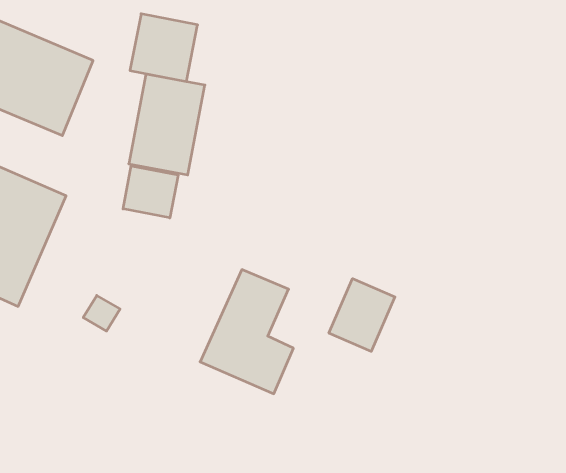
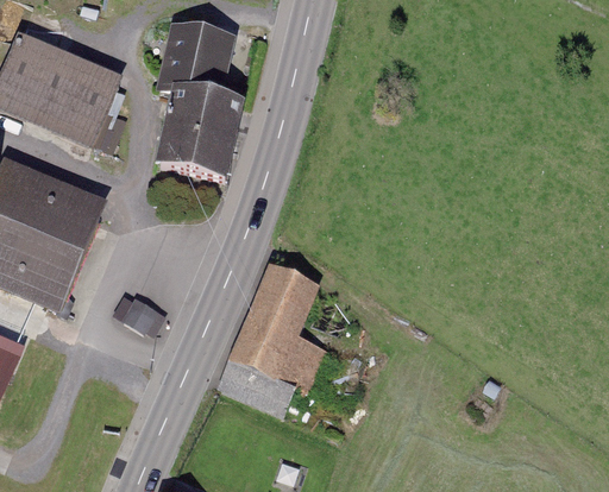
building: [123,166,178,218] -> none
building: [329,279,395,351] -> none

